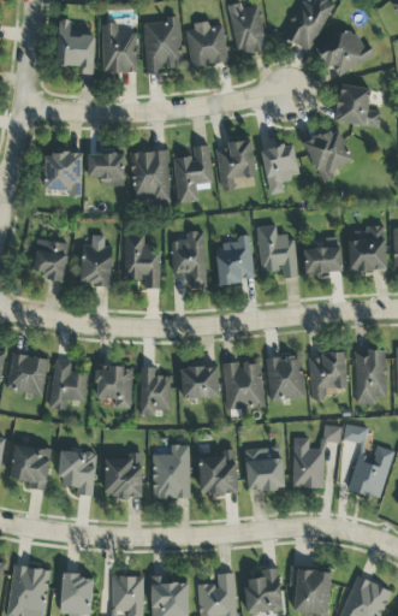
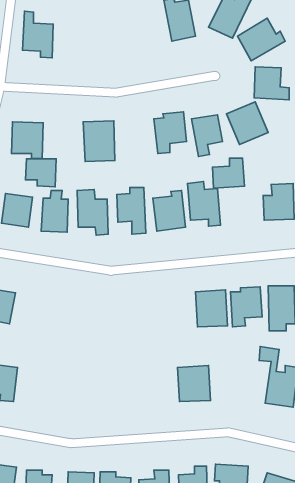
building: [142,19,180,73] -> none
building: [101,22,136,72] -> none
building: [185,23,227,66] -> none
building: [173,144,212,202] -> none
building: [87,153,124,186] -> [25,159,56,187]
building: [303,237,341,273] -> [213,158,244,188]
building: [49,359,87,410] -> none
building: [224,361,262,409] -> none
building: [180,363,218,398] -> none
building: [95,366,132,408] -> none
building: [138,367,170,415] -> none
building: [291,425,340,488] -> none
building: [152,444,189,498] -> none
building: [59,451,95,496] -> none
building: [200,452,237,493] -> none
building: [105,455,142,497] -> none

